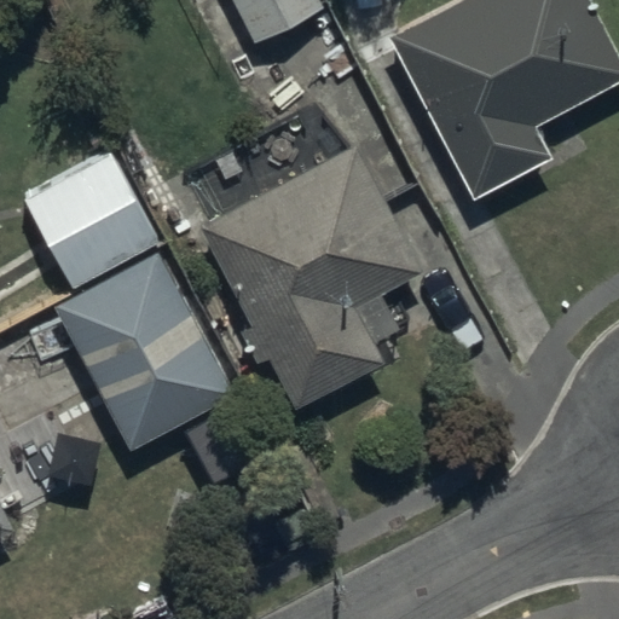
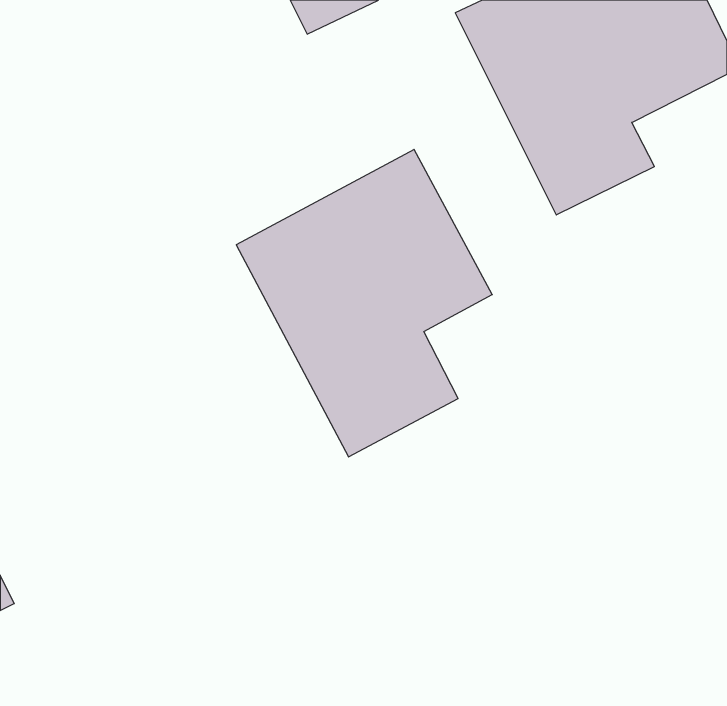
building: [23,154,157,288] -> none
building: [54,248,237,451] -> none

